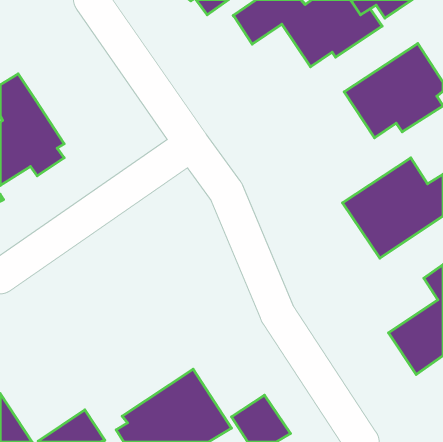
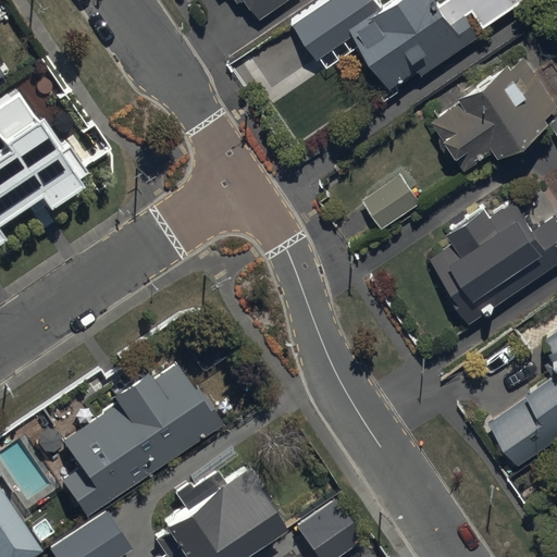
building: none -> [362,171,426,231]
building: none -> [59,366,220,519]

